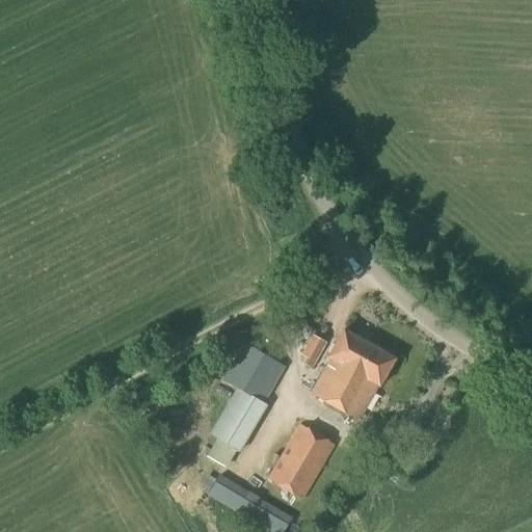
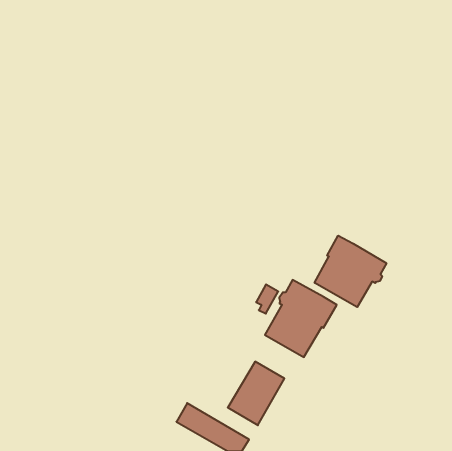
building: none -> [315,236,386,307]
building: [207,341,284,464] -> none

